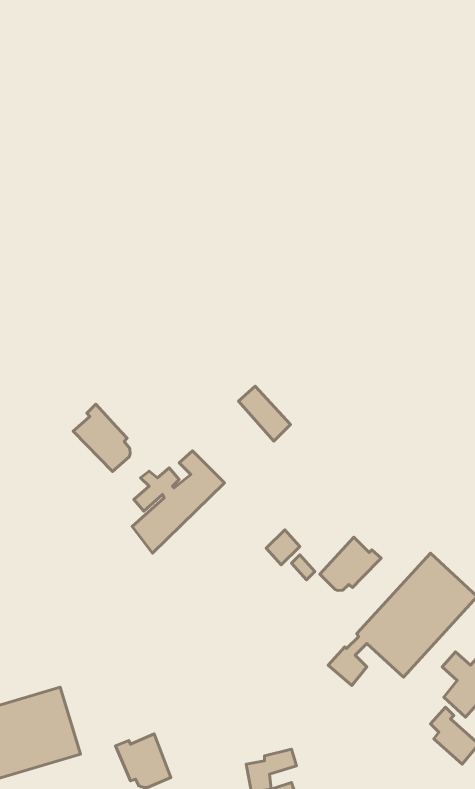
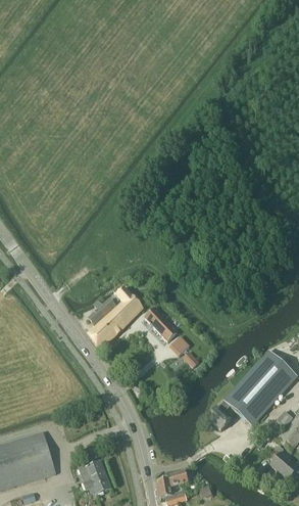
building: [239,386,290,441] -> [145,308,177,341]
building: [73,404,130,472] -> none
building: [320,537,381,590] -> none

